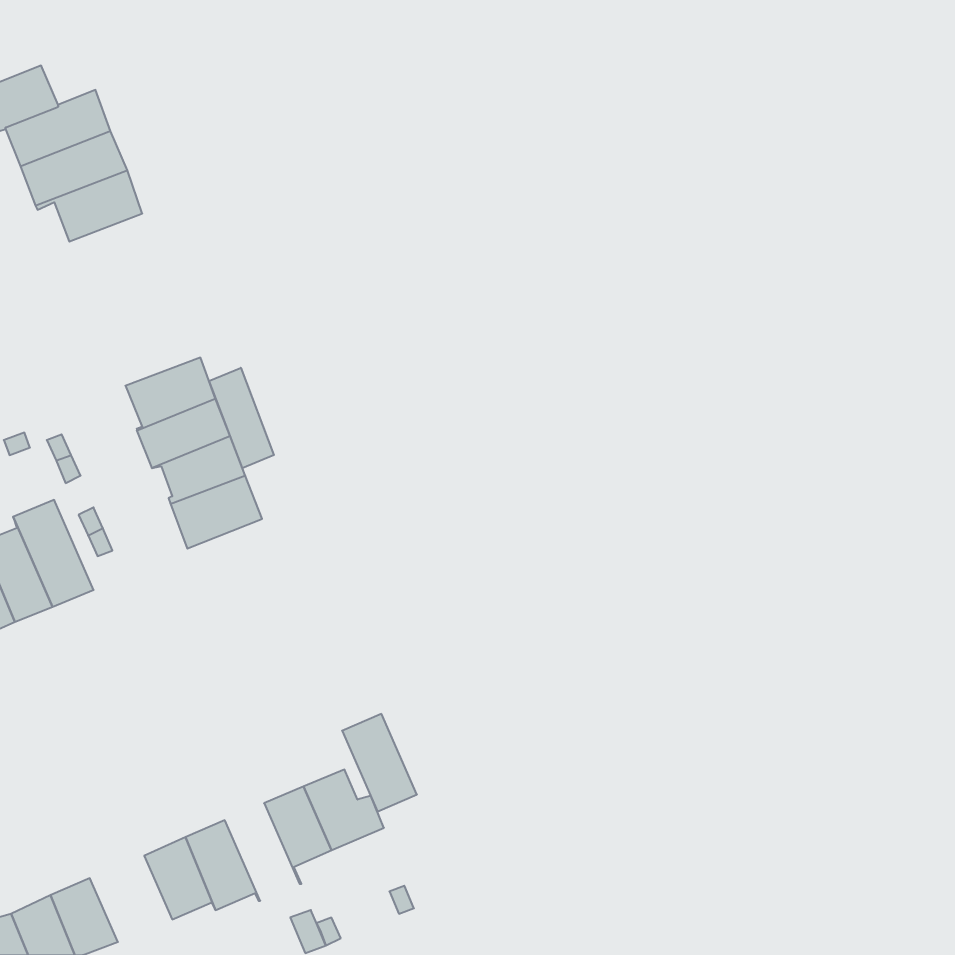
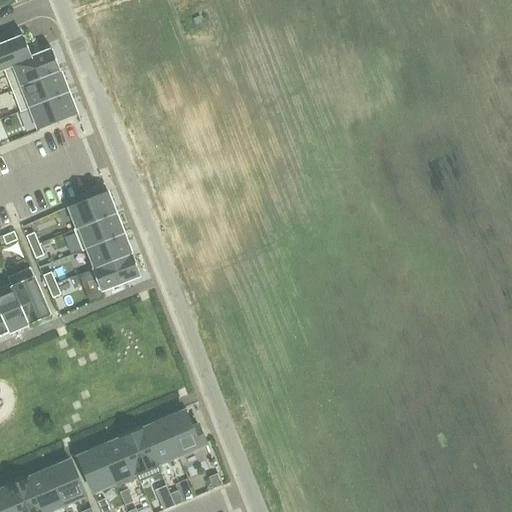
building: [209,368,274,468] -> none
building: [342,714,417,811] -> [120,429,160,481]
building: none -> [48,460,84,503]

